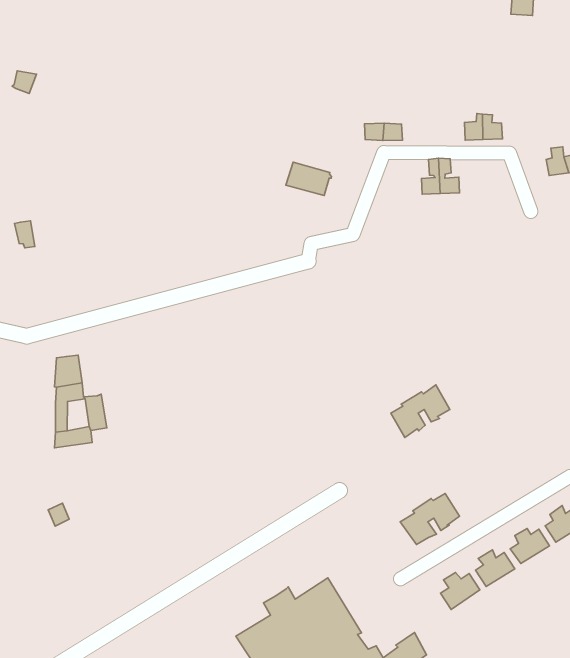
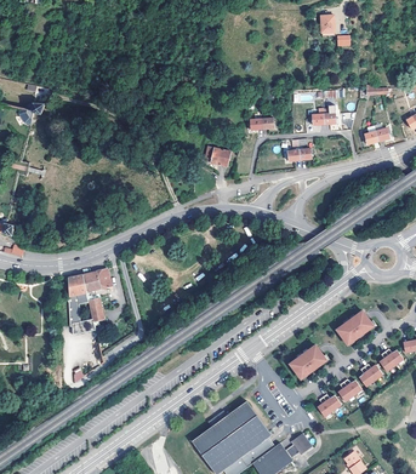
building: none -> [82,269,112,301]
building: [391,385,450,438] -> [336,310,372,344]

